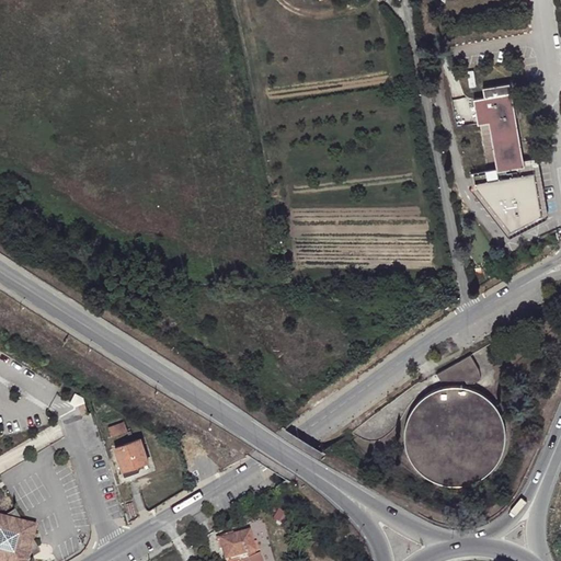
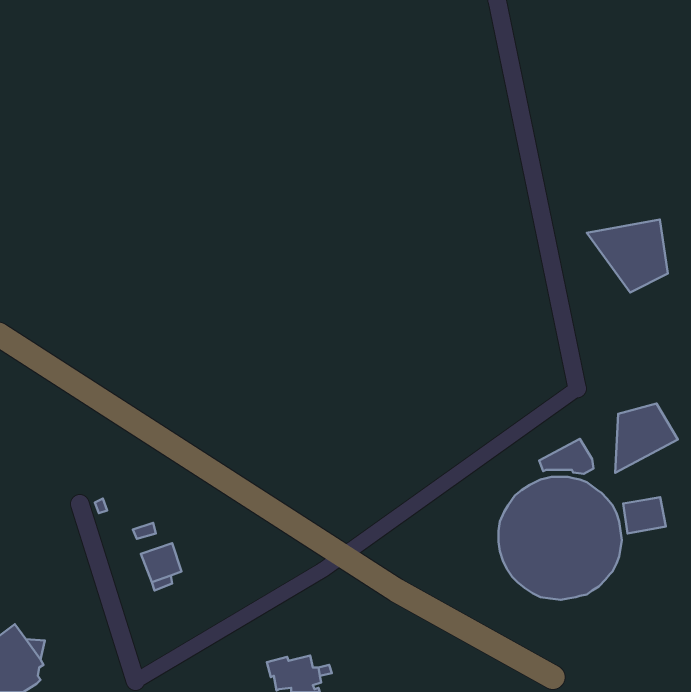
building: [472,94,524,174] -> none
building: none -> [615,403,678,473]
building: none -> [623,497,666,533]

